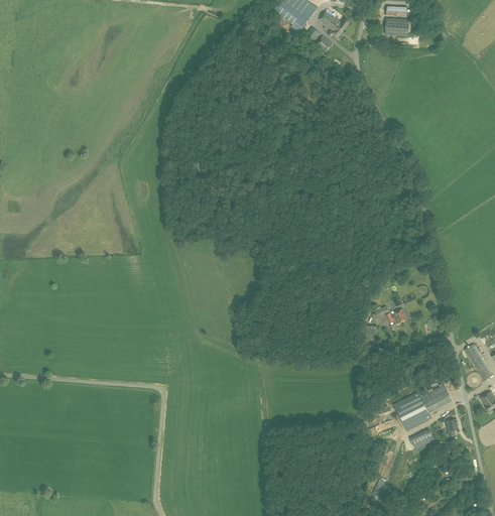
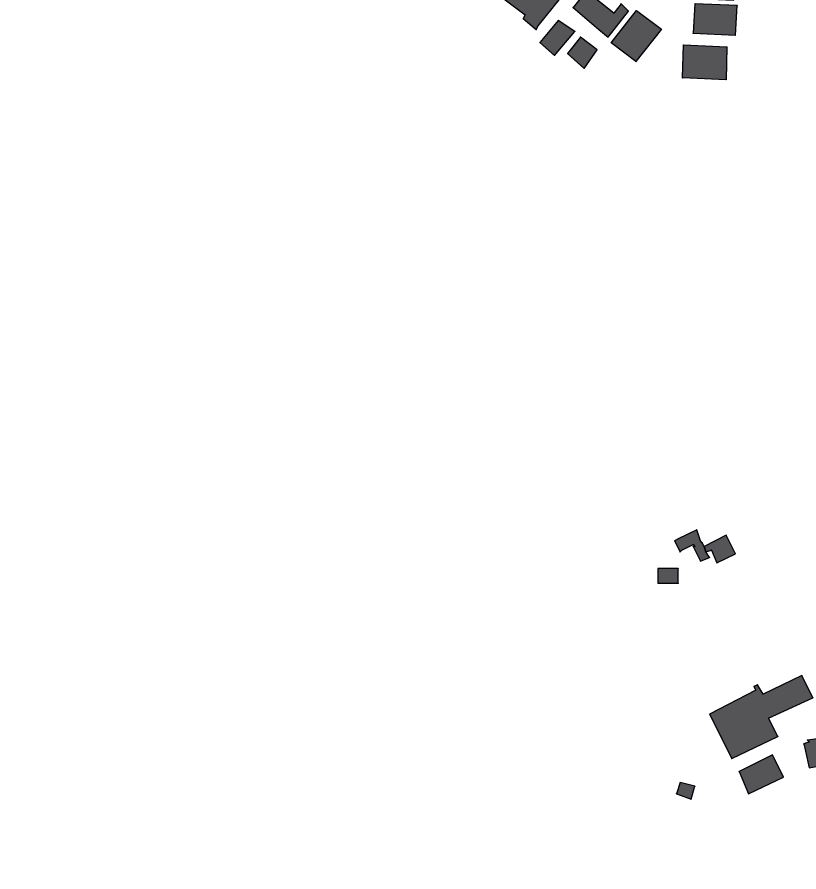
building: none -> [611,11,661,62]
building: none -> [683,45,727,80]

